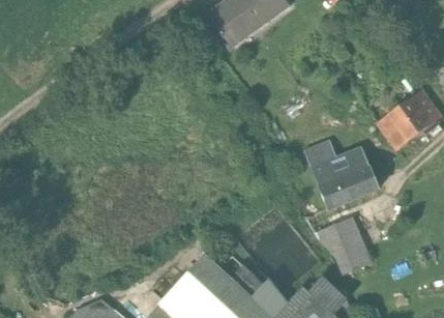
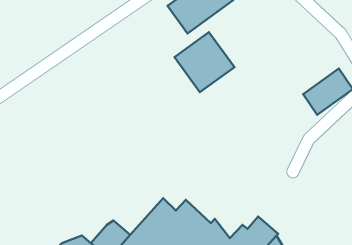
building: none -> [175,32,234,92]
building: [304,129,378,274] -> none

